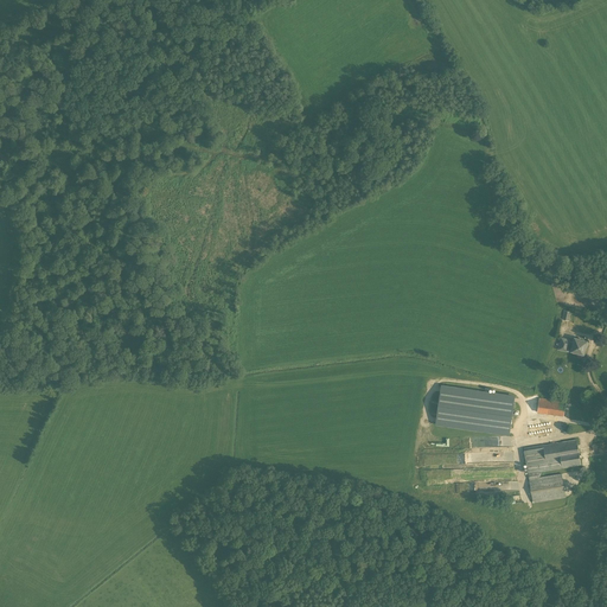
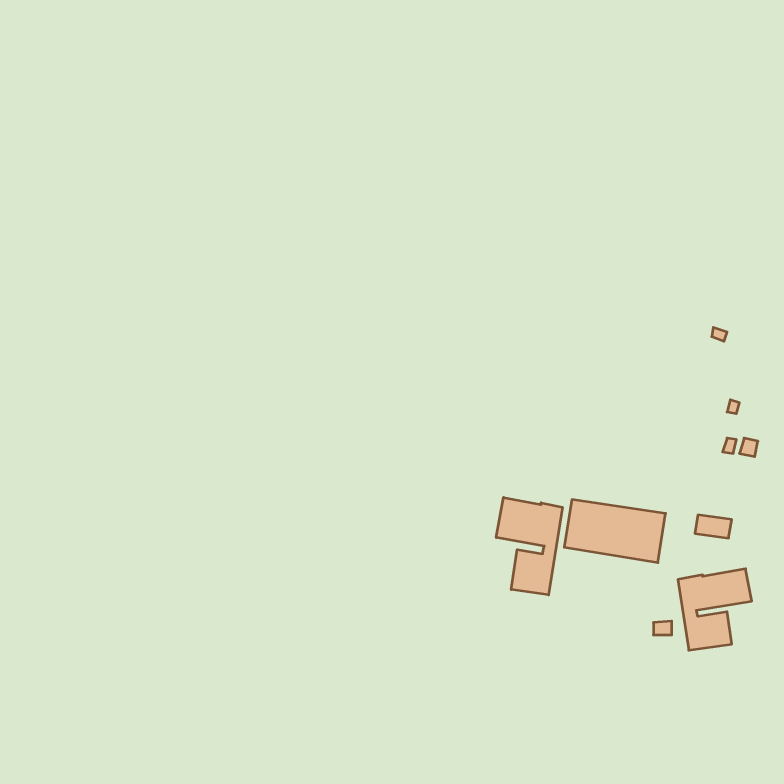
building: none -> [496,497,562,595]

